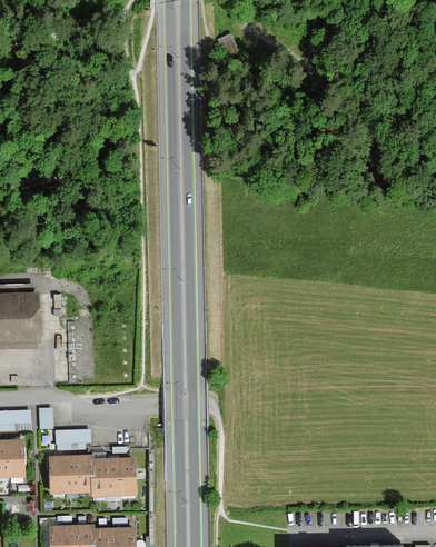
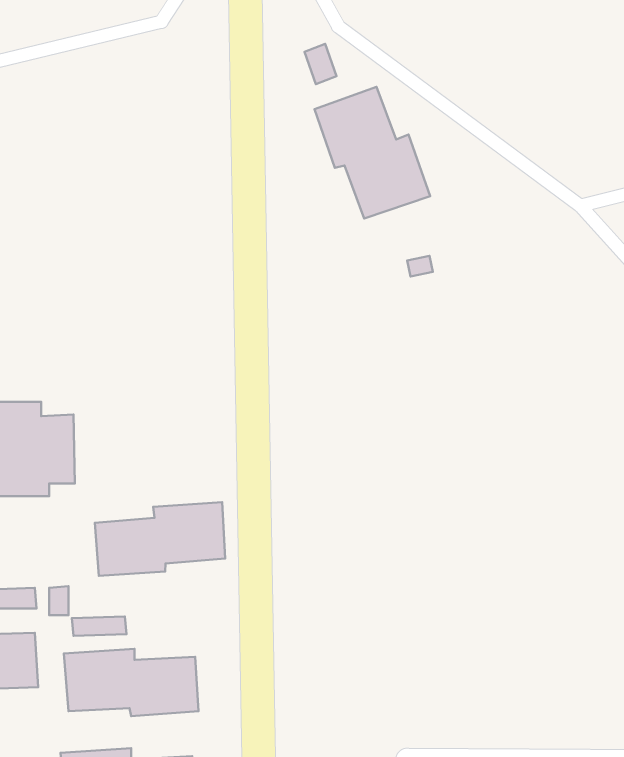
building: none -> [314,87,430,218]
building: none -> [95,502,225,576]

